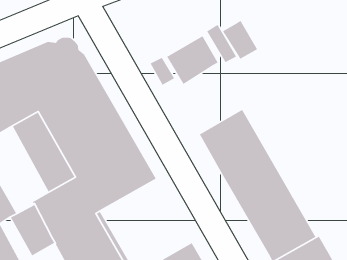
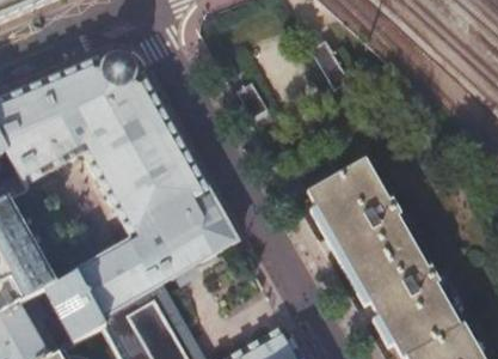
building: [222,20,258,60] -> none
building: [166,35,219,85] -> none

